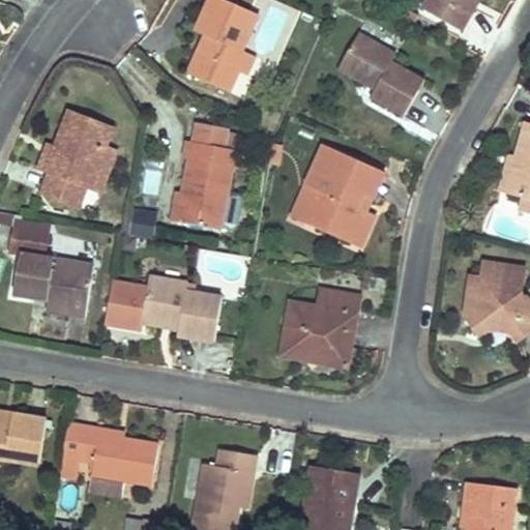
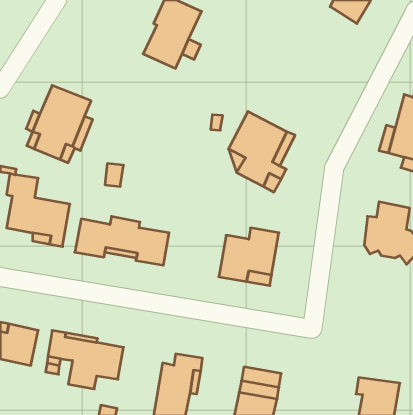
building: [334,33,422,120] -> none
building: [172,123,244,232] -> none

